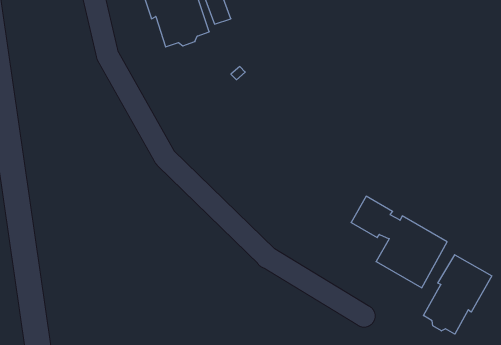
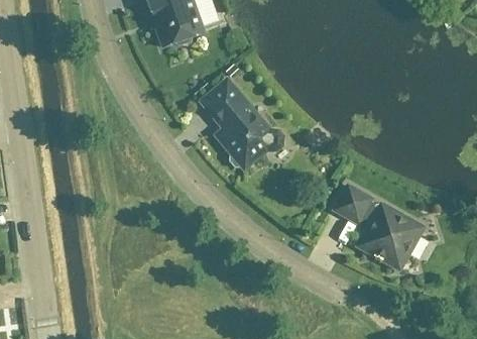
building: none -> [203,79,279,166]
building: [423,255,492,334] -> none

